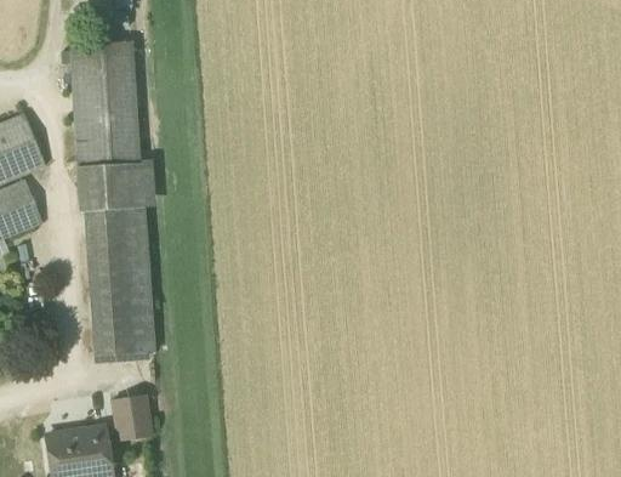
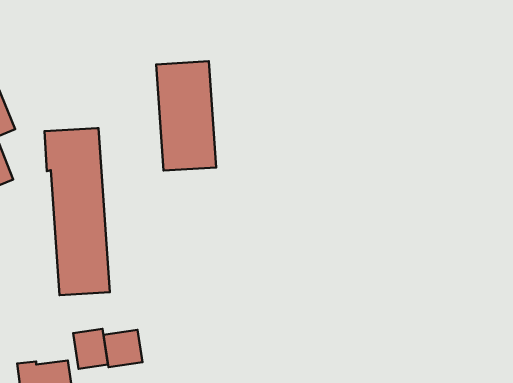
building: [69,41,138,167] -> [156,61,216,171]
building: none -> [103,330,142,367]

